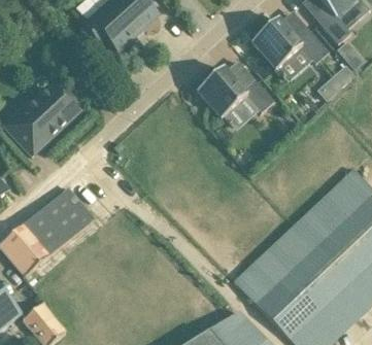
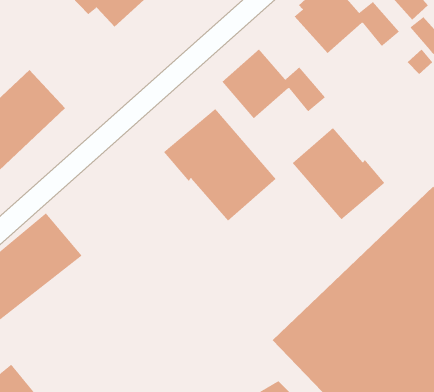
building: none -> [163,108,276,221]
building: none -> [292,127,385,220]

